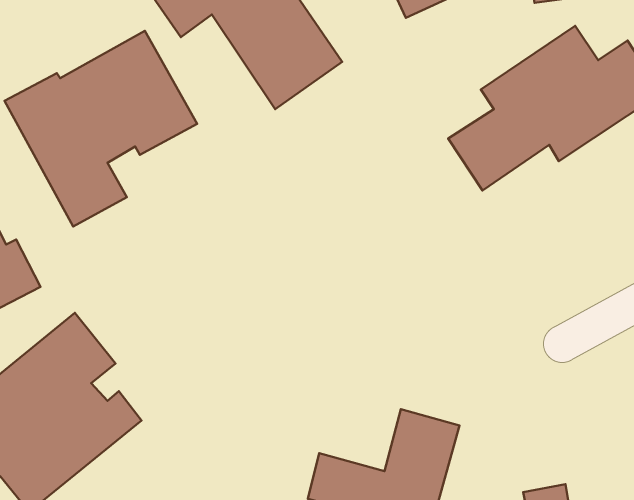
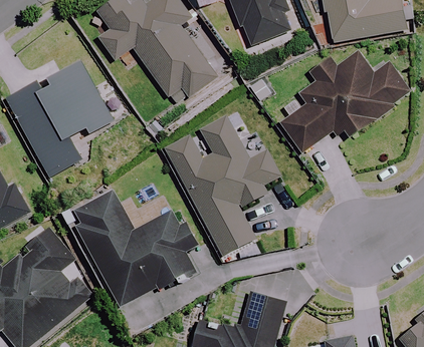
building: none -> [166,116,279,255]
building: none -> [73,192,196,305]

